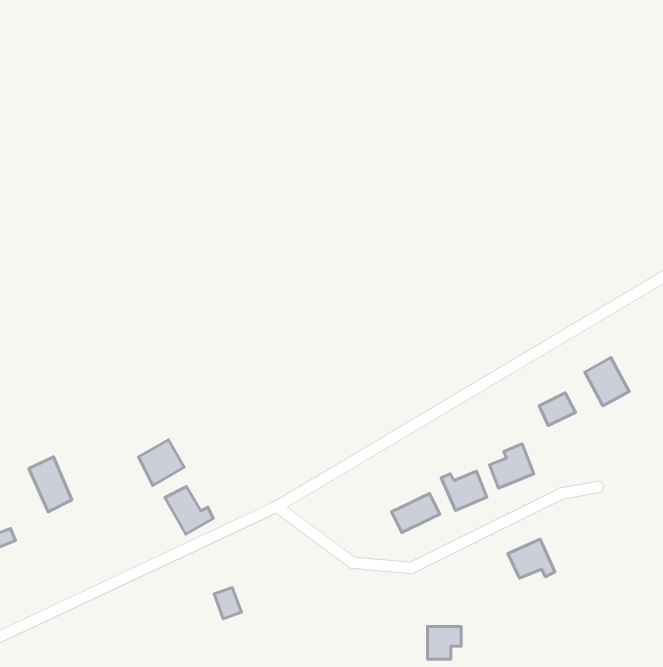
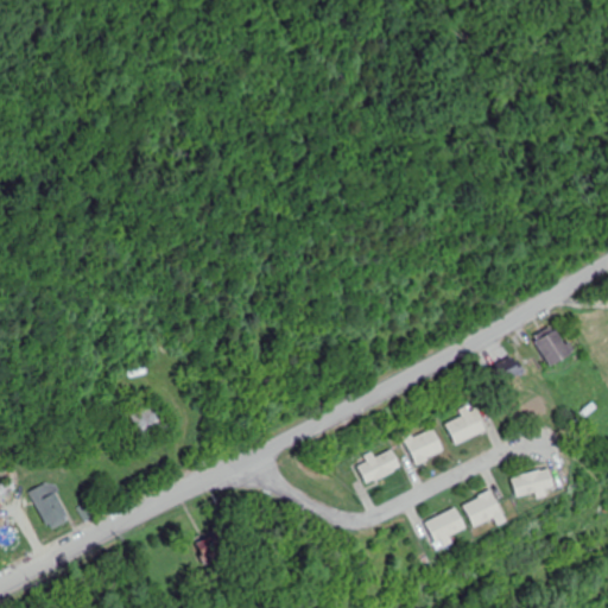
building: [29,457,72,512] -> [28,481,68,531]
building: [165,486,213,534] -> none
building: none -> [509,467,556,498]
building: [427,627,461,659] -> [430,514,461,544]

